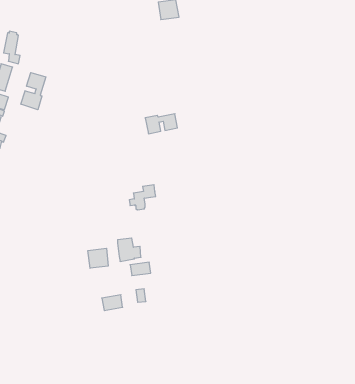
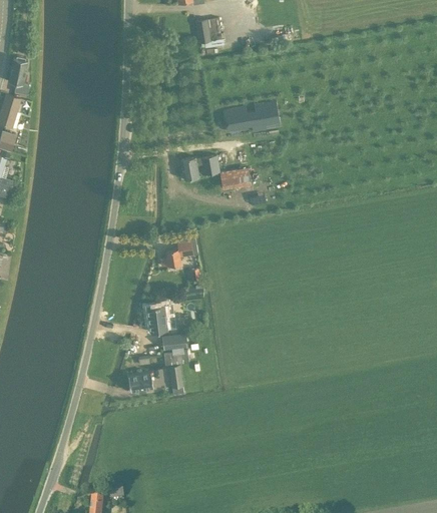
building: none -> [224,103,281,132]
building: [21,73,46,110] -> none
building: none -> [221,168,252,188]
building: [88,248,108,268] -> none

